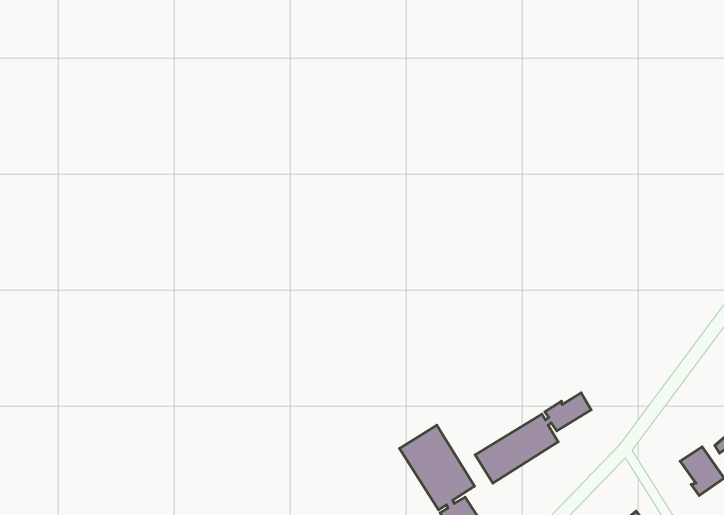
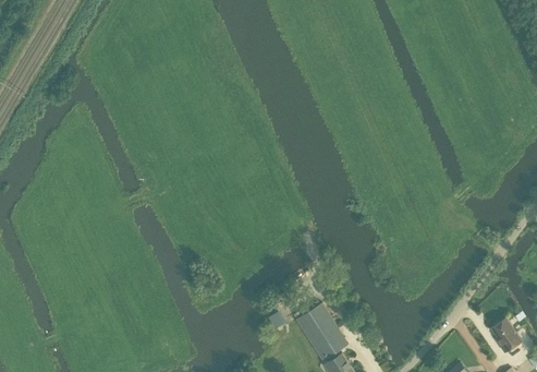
building: [475,393,591,483] -> none

